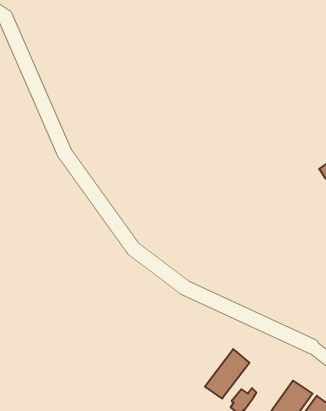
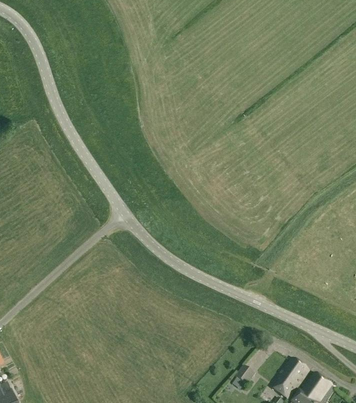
building: [205,349,249,399] -> none

